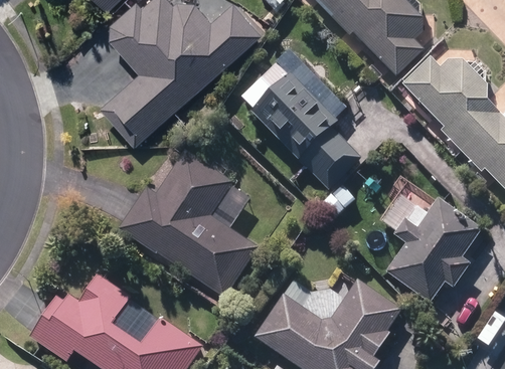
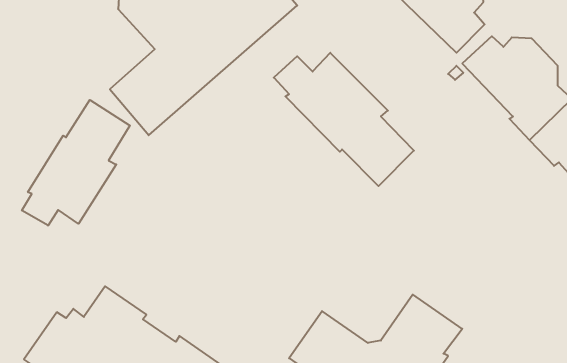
building: none -> [22,100,130,226]
building: [119,150,258,297] -> none
building: [386,198,483,303] -> none

